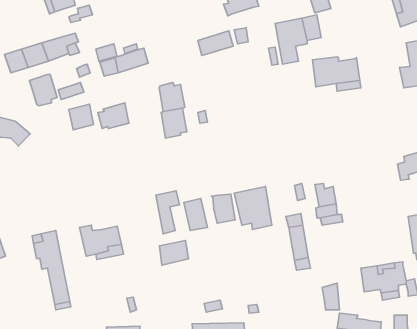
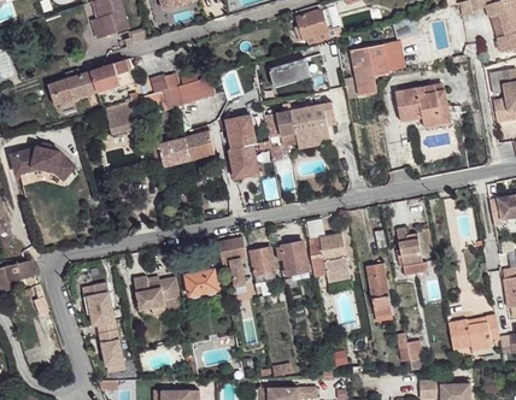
building: none -> [260,104,333,149]
building: [29,74,57,106] -> none
building: [69,104,94,130] -> [184,133,212,161]
building: [160,241,189,265] -> [187,267,219,295]

